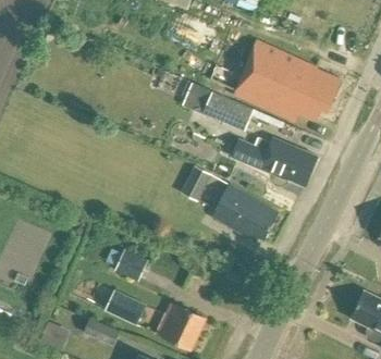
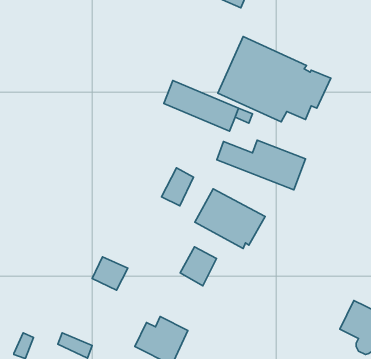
building: none -> [180,247,217,286]
building: [106,290,147,324] -> none

